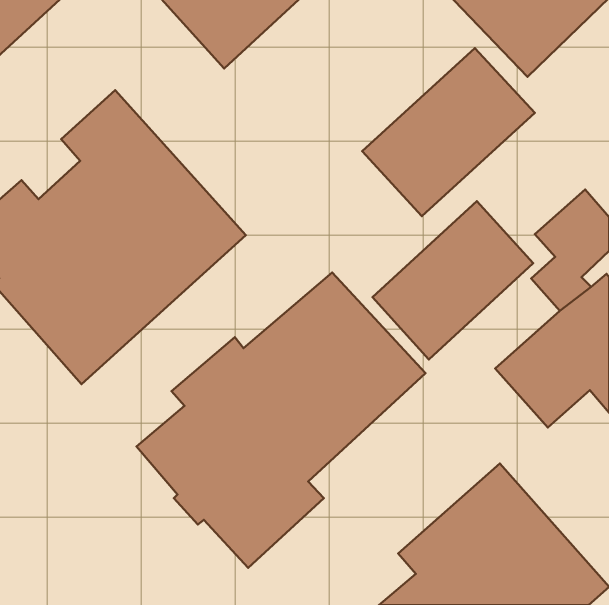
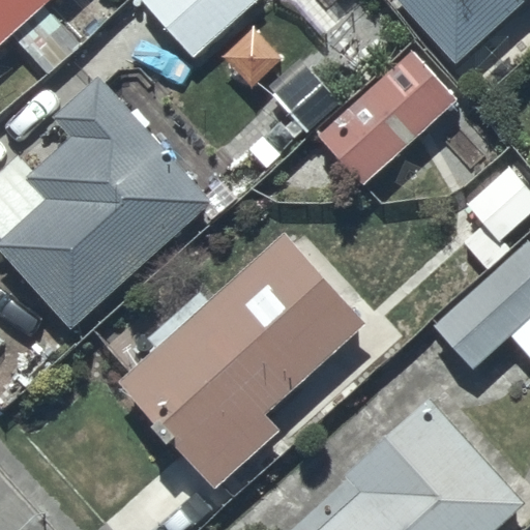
building: [372,201,533,359] -> none

